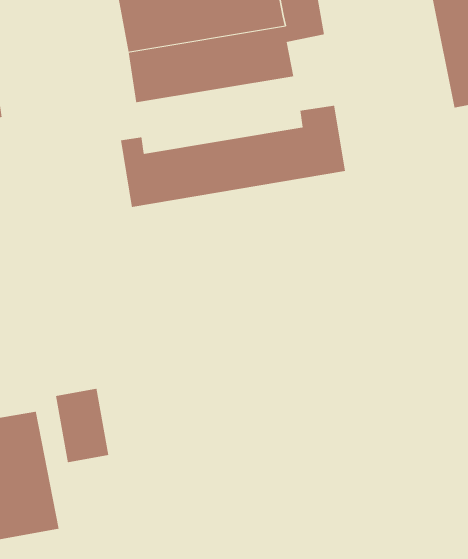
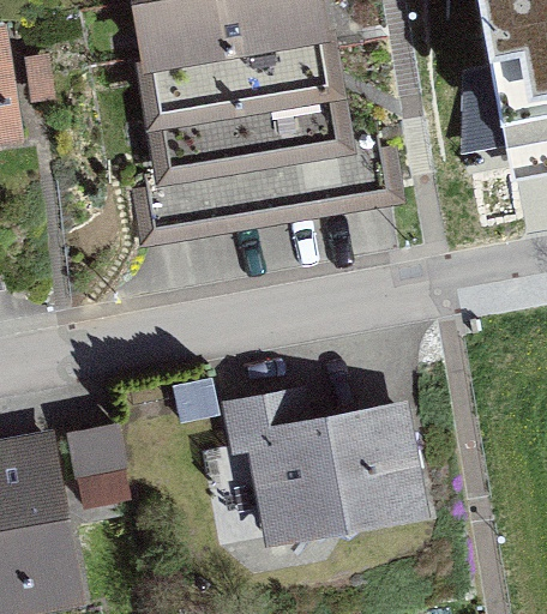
building: none -> [157,85,338,169]
building: none -> [228,391,419,534]

